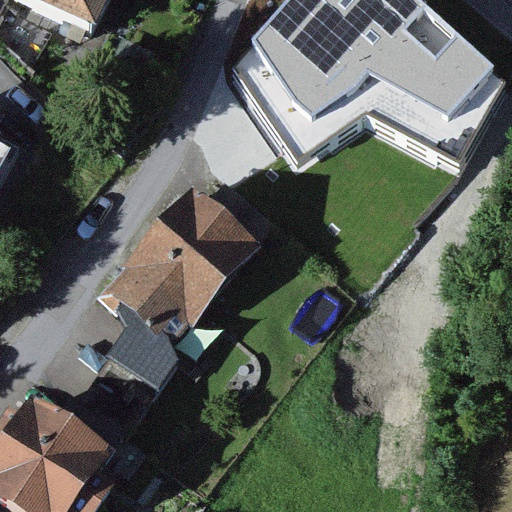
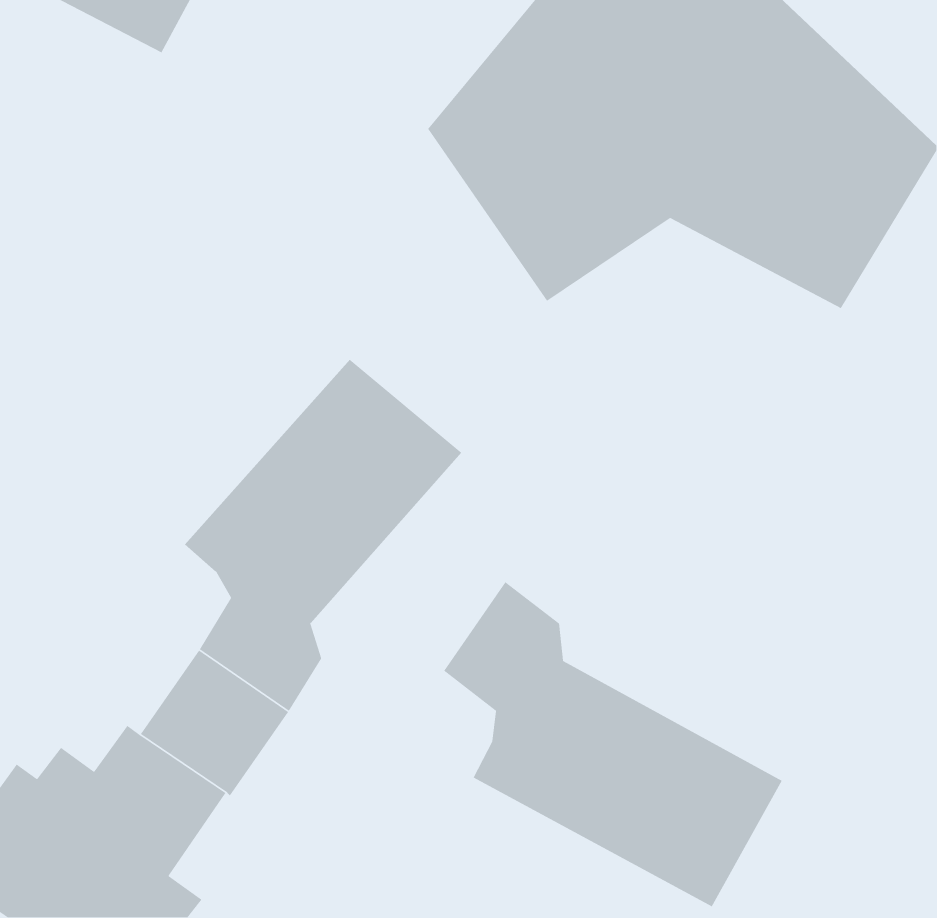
building: none -> [443,581,783,908]

